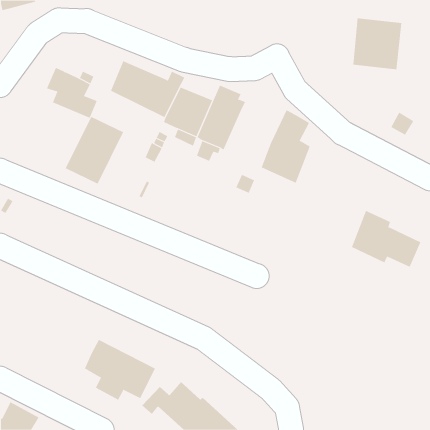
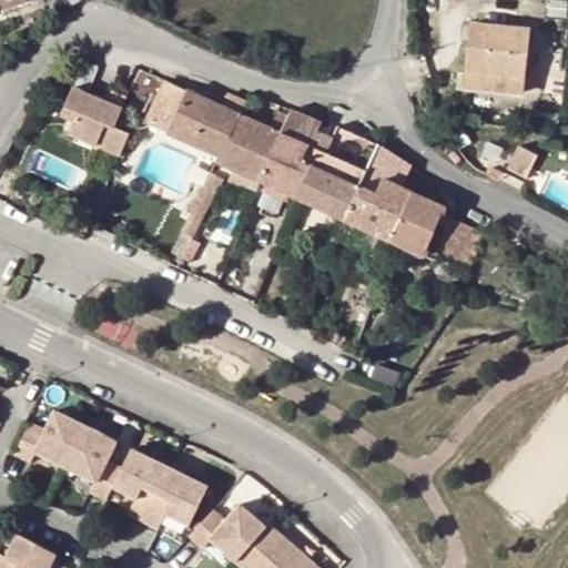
building: none -> [295,125,377,221]
building: [65,116,124,185] -> none
building: [351,210,421,267] -> [390,193,483,268]
building: none -> [13,408,120,496]

